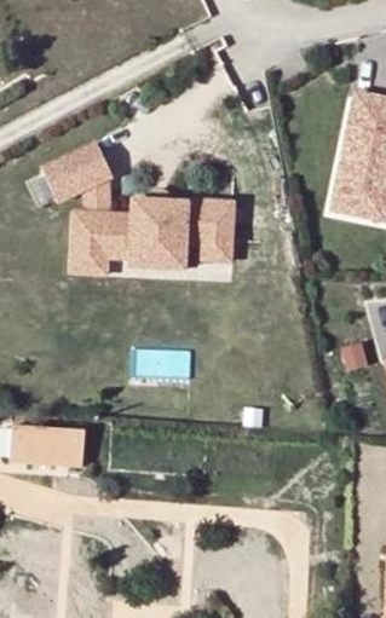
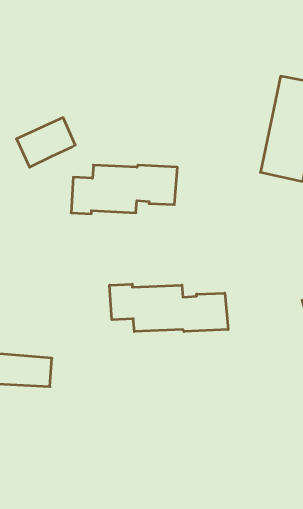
building: [74,178,110,275] -> none
building: none -> [110,284,228,332]

